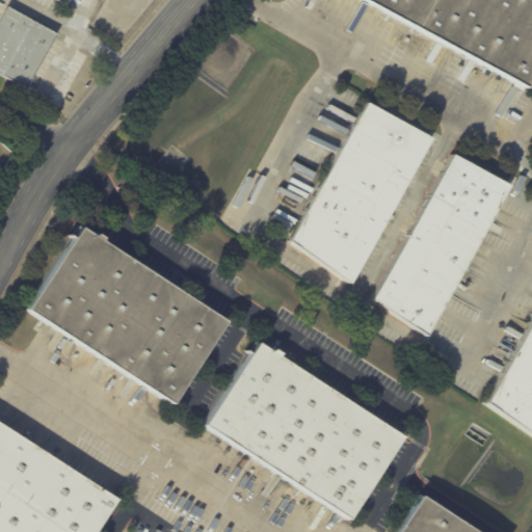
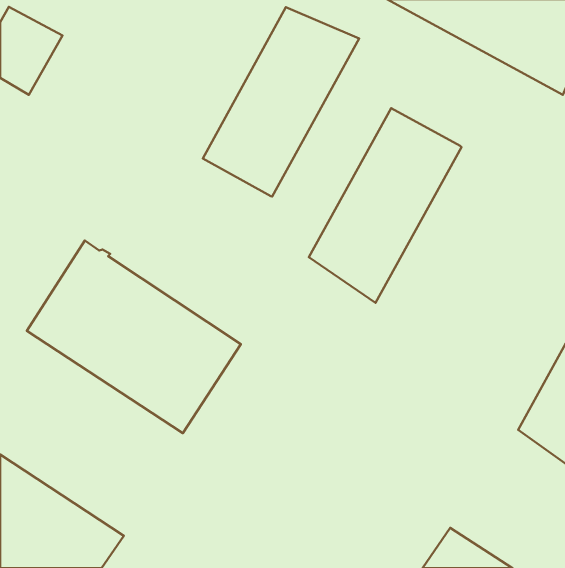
building: none -> [203,7,359,196]
building: [376,153,513,336] -> none
building: [205,341,404,520] -> none

